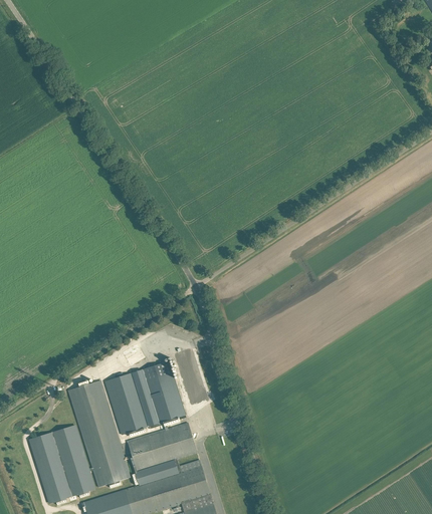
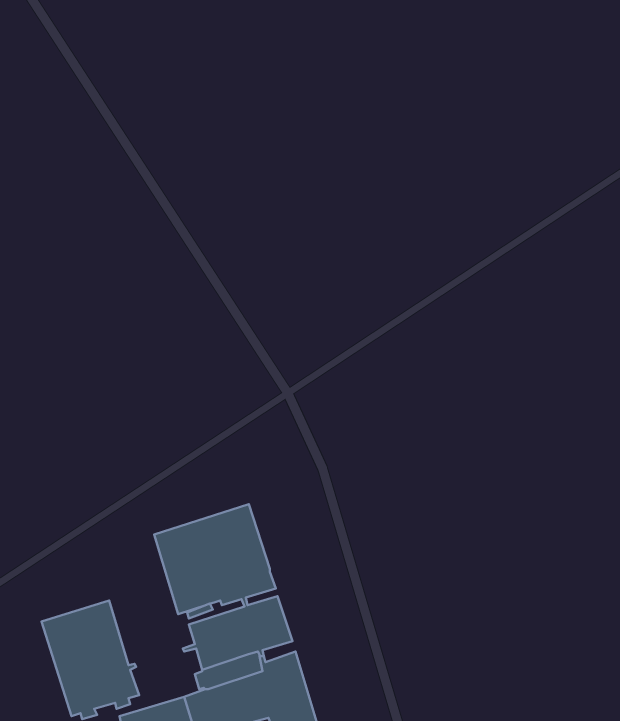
building: [67,379,130,488] -> none

